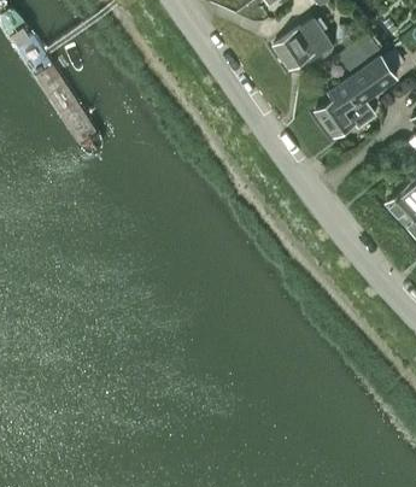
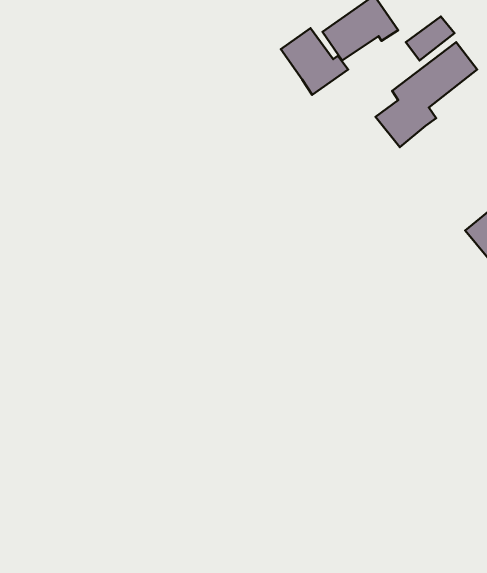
building: none -> [281,28,348,95]

